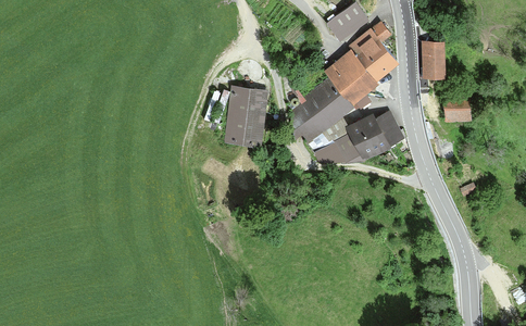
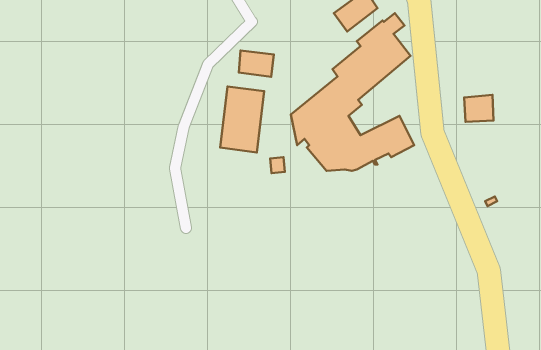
building: [426,42,443,75] -> none
building: none -> [239,51,274,77]

